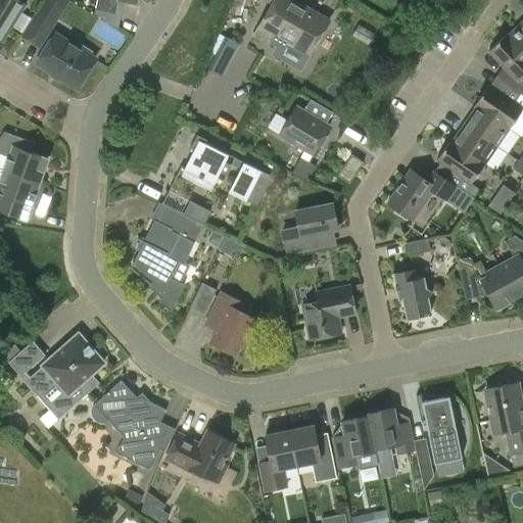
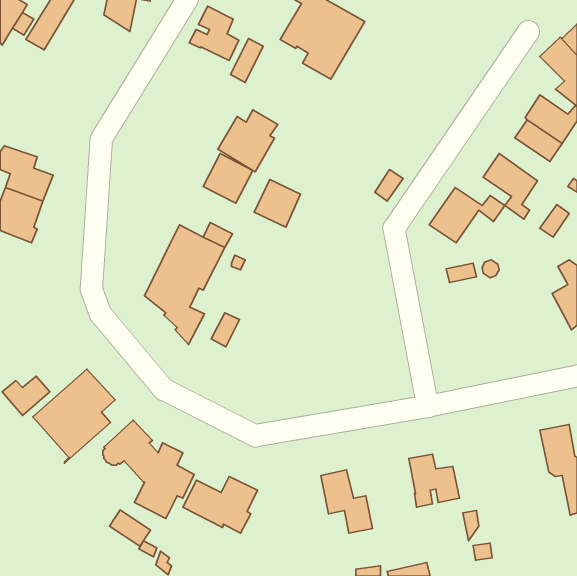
building: none -> [189,6,239,61]
building: [38,34,95,87] -> none
building: [279,99,333,155] -> [218,110,278,172]
building: [455,125,497,163] -> none
building: [283,203,338,253] -> none
building: [457,256,517,308] -> none
building: [393,270,431,318] -> none
building: [302,286,354,339] -> none
building: [210,292,260,354] -> none
building: [423,397,462,463] -> none
building: [332,415,376,469] -> none
building: [257,430,297,492] -> none
building: none -> [109,510,151,546]

